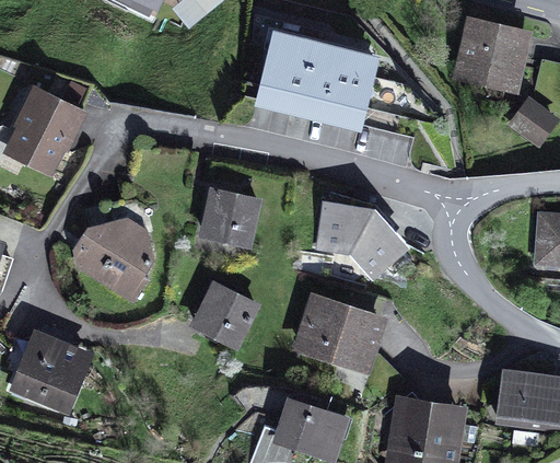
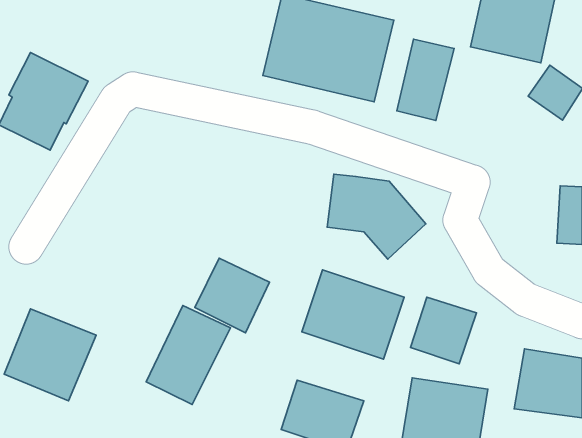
building: none -> [397,39,454,121]
building: [198,187,261,248] -> none
building: [72,218,154,303] -> none
building: none -> [410,297,476,364]
building: none -> [146,306,230,404]

